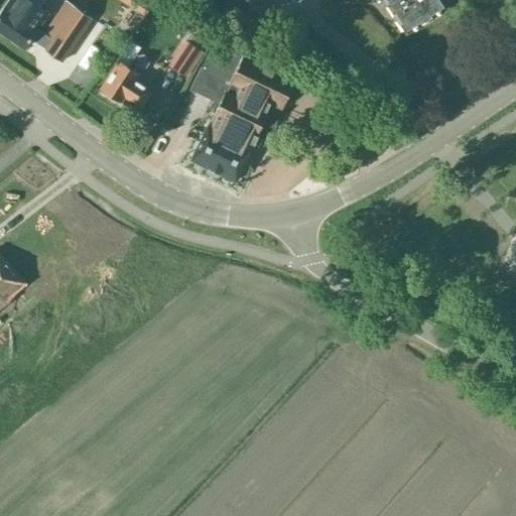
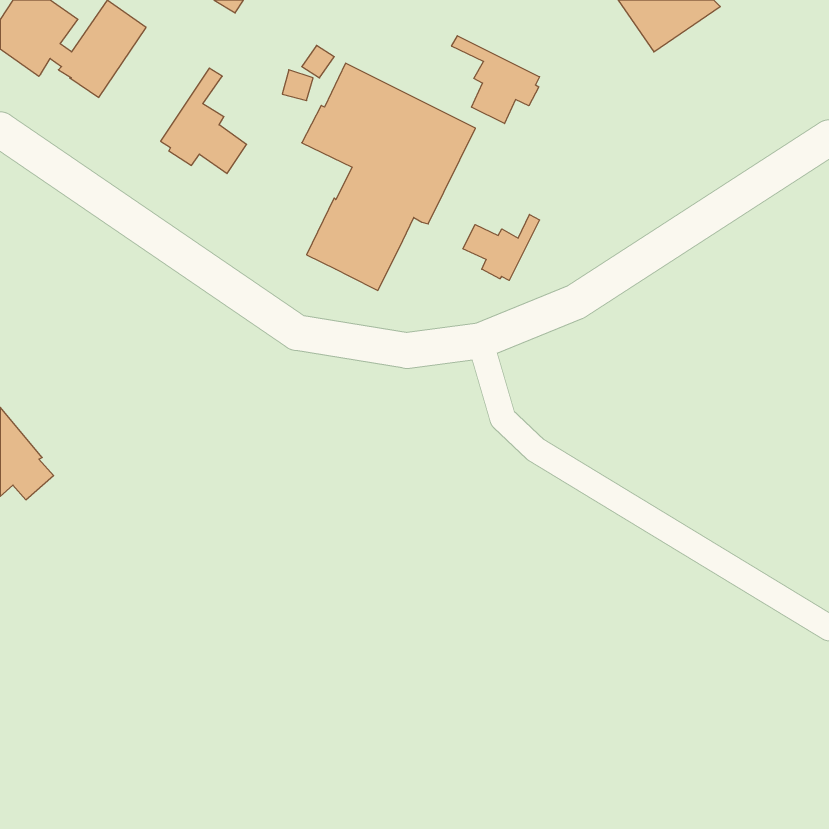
building: none -> [452,36,540,124]
building: none -> [463,214,540,280]

